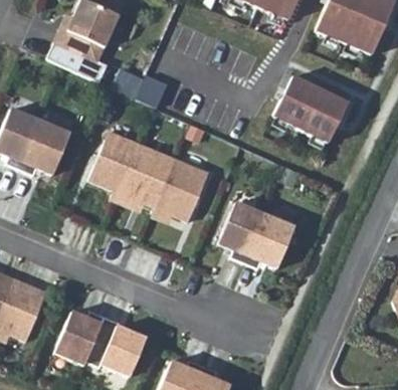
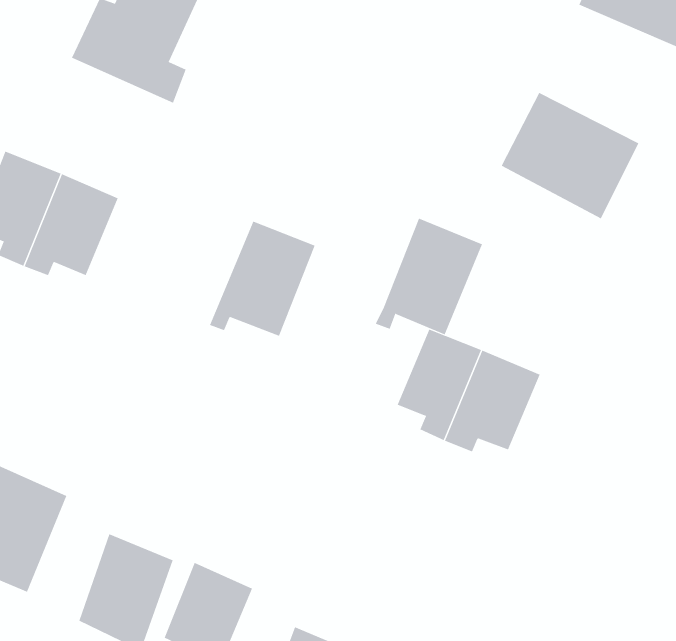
building: [115,66,167,105] -> none
building: [90,131,143,200] -> none
building: [153,158,210,220] -> [375,218,483,335]

